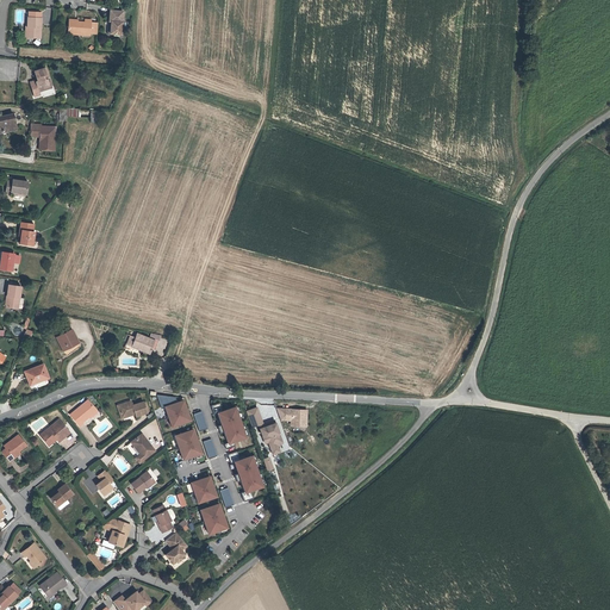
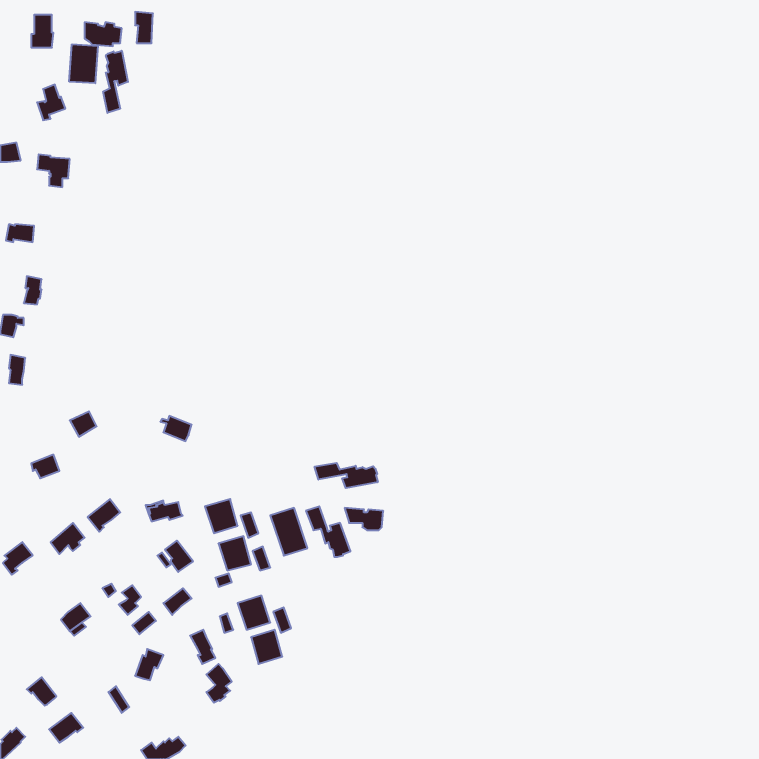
building: none -> [69,44,98,83]
building: none -> [103,51,128,113]
building: none -> [315,463,378,488]
building: [235,456,264,493] -> none

